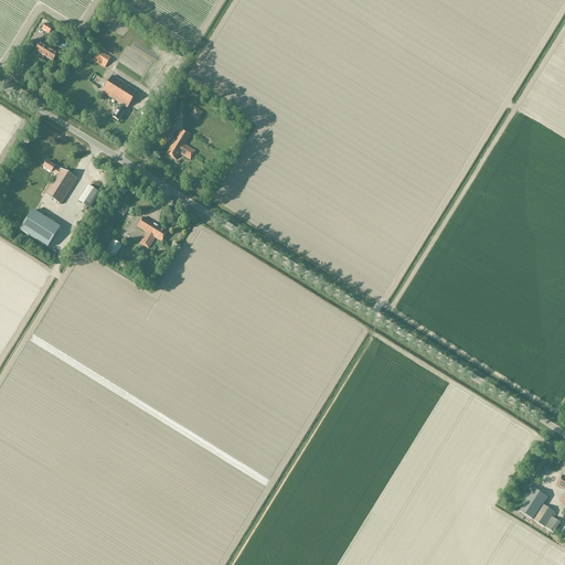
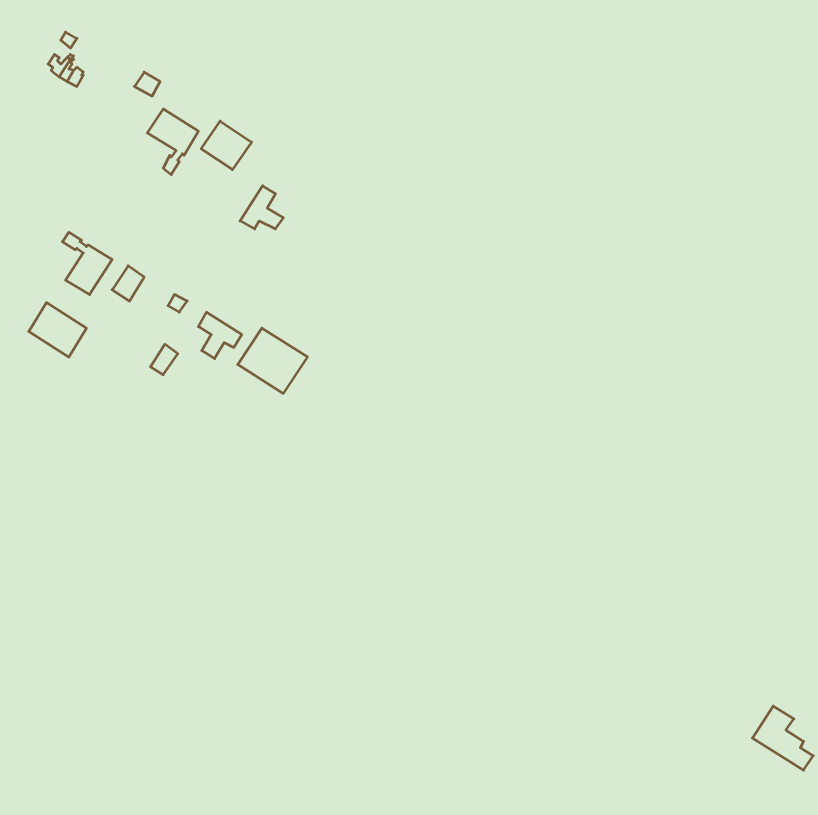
building: none -> [201,121,252,170]
building: none -> [238,328,307,393]

